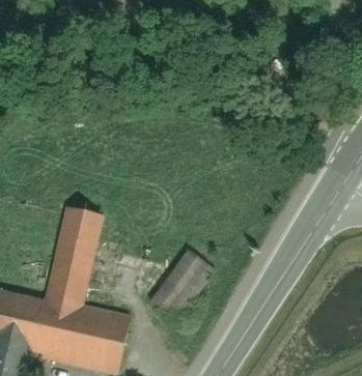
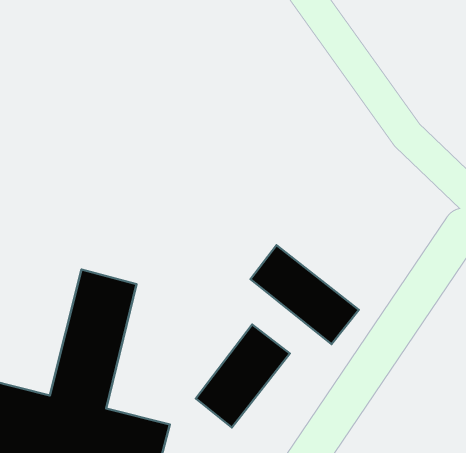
building: none -> [251,245,359,344]

